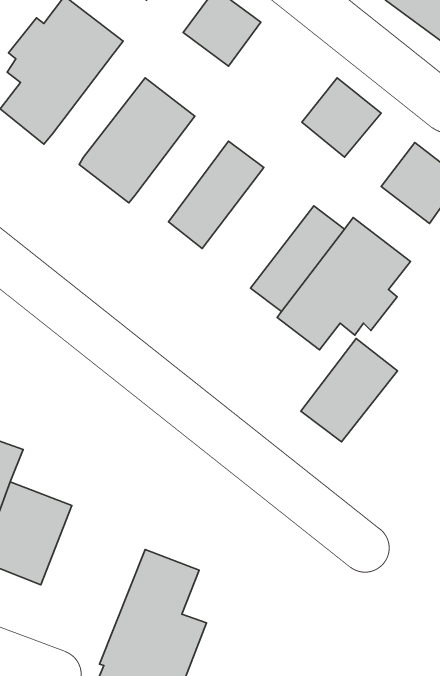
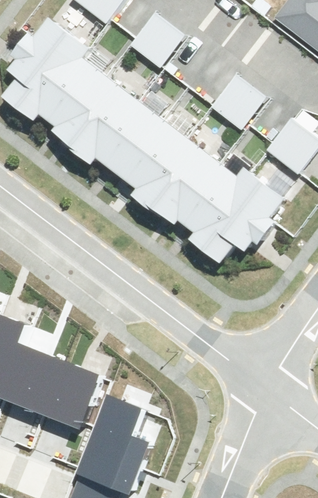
building: none -> [43,57,106,127]
building: none -> [99,99,163,171]
building: none -> [140,134,221,221]
building: [301,339,398,442] -> none
building: none -> [35,364,95,433]

